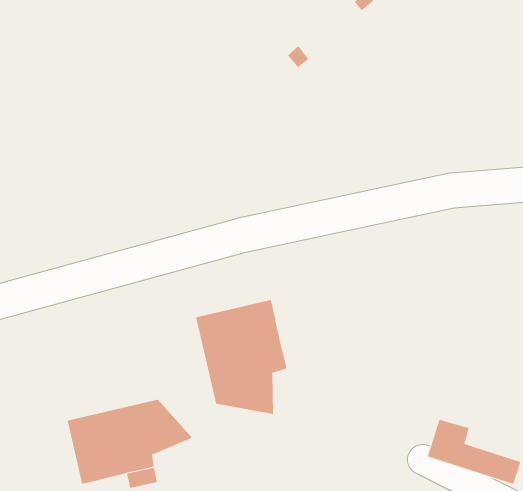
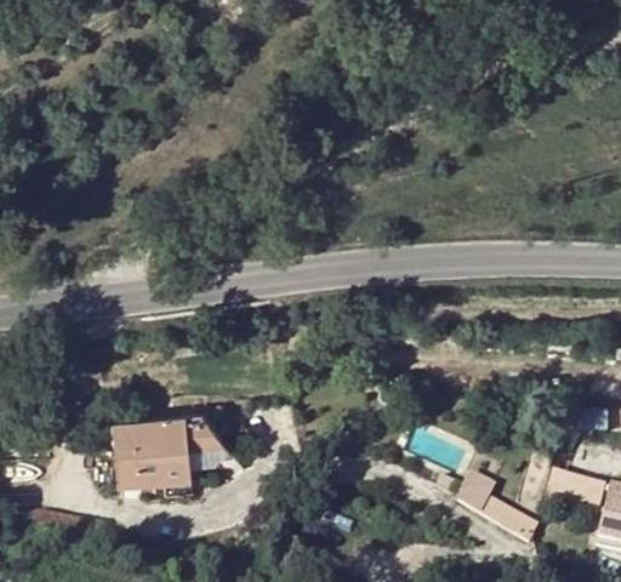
building: [195,299,287,415] -> none

